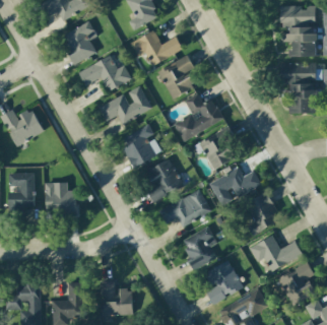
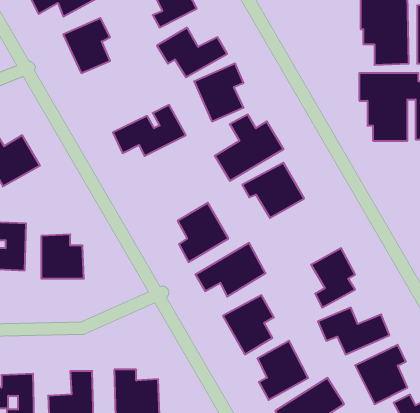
building: [78,55,132,91] -> none
building: [123,125,162,169] -> none
building: [209,168,262,206] -> none

